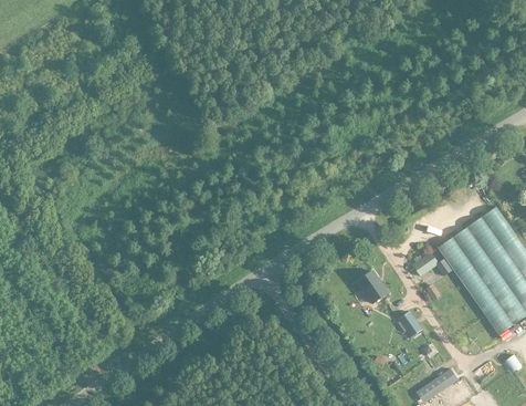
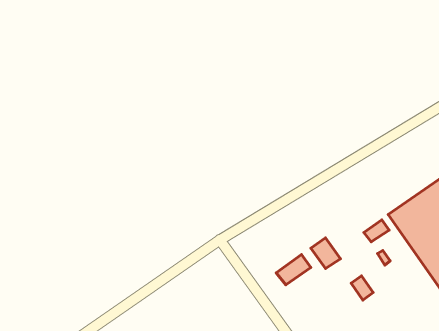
building: none -> [276,255,311,285]

